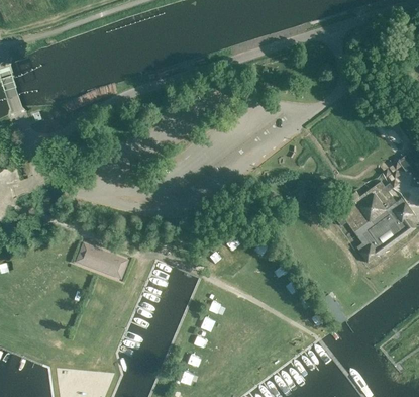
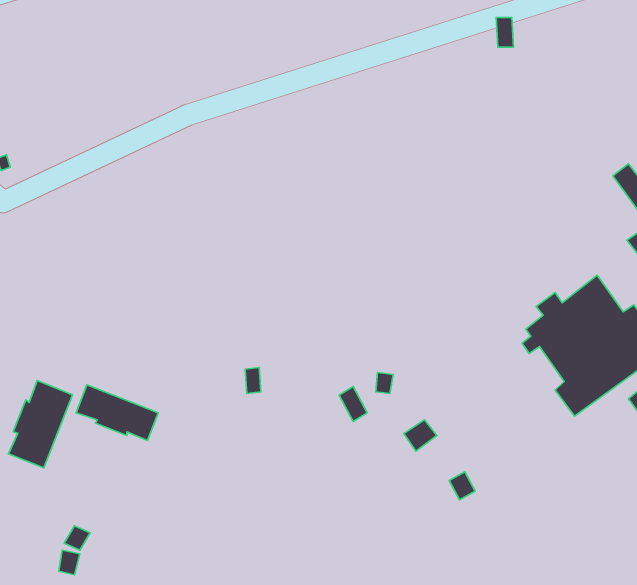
building: none -> [8,381,72,468]

